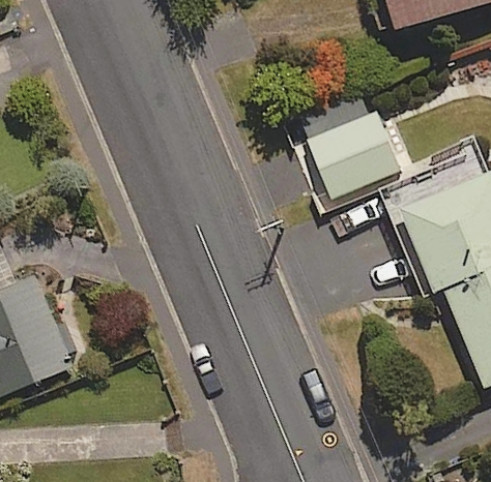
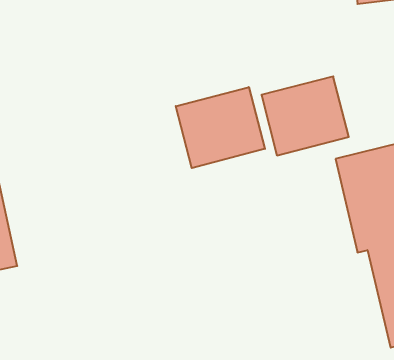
building: none -> [176,87,265,168]

